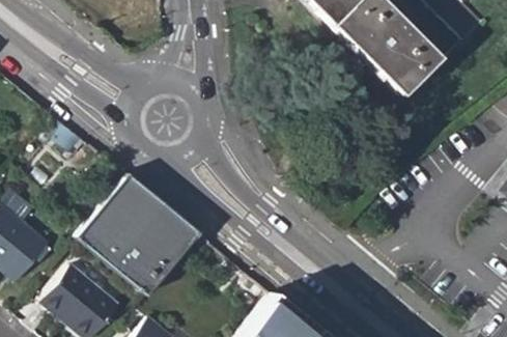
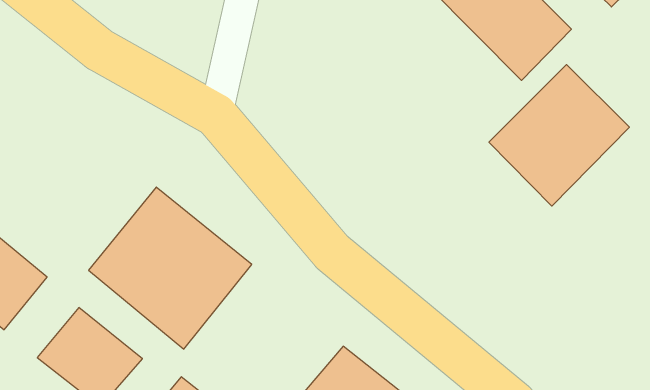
building: none -> [489,65,629,206]

